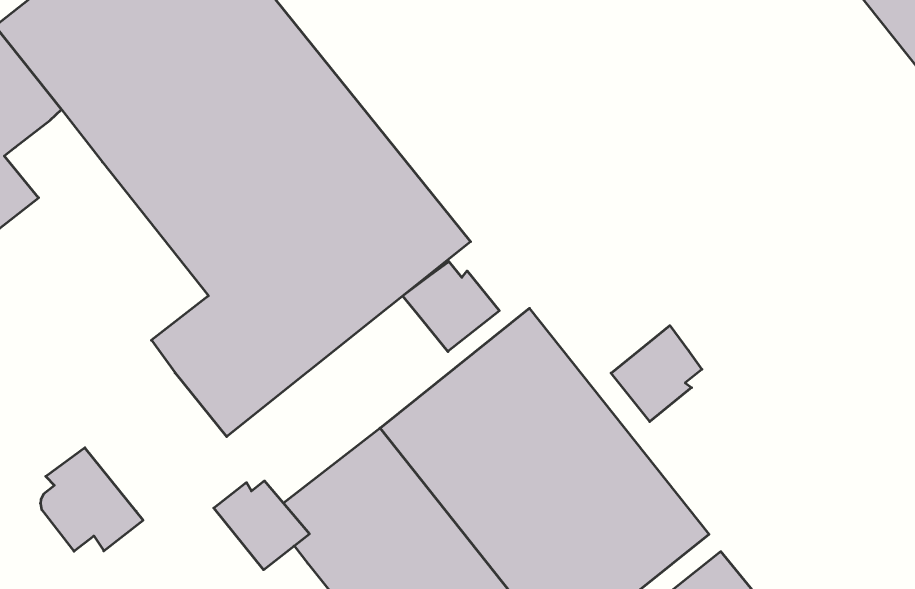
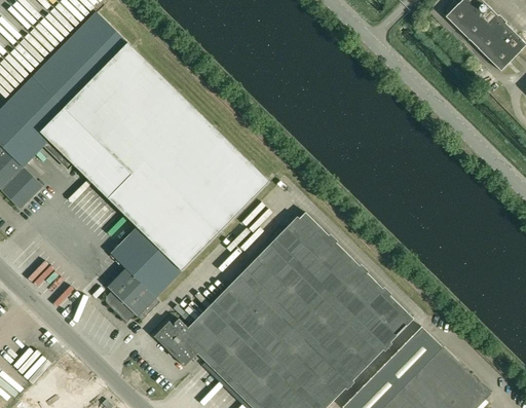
building: [403,262,499,352] -> none
building: [611,326,702,422] -> none
building: [40,448,143,551] -> [105,268,159,323]

